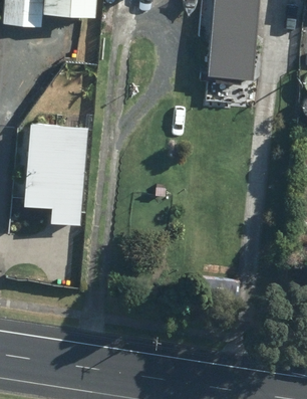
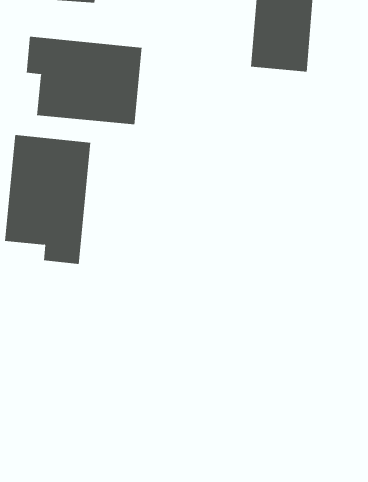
building: none -> [26,36,142,125]

